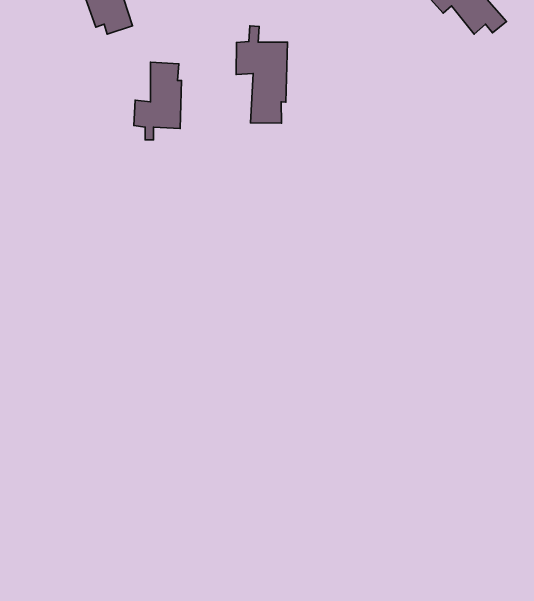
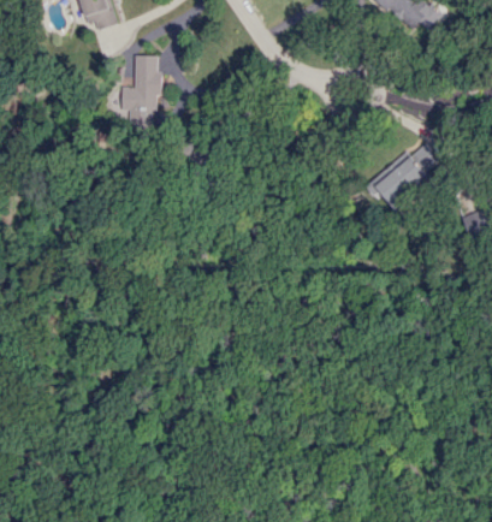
building: [236,26,288,123] -> none
building: none -> [368,143,444,203]

